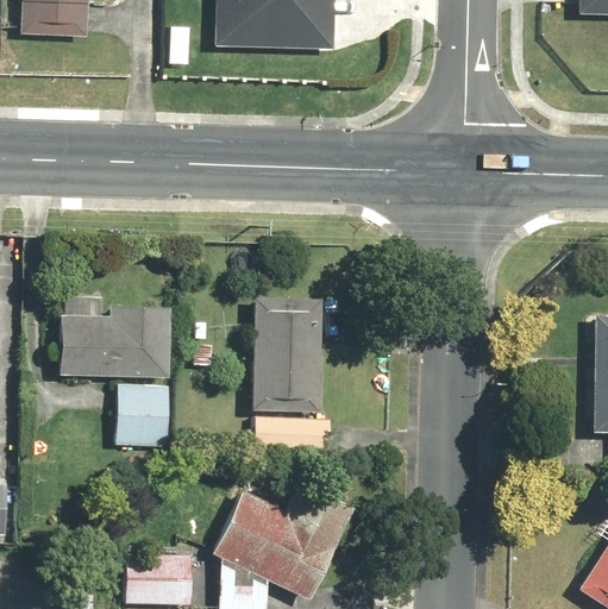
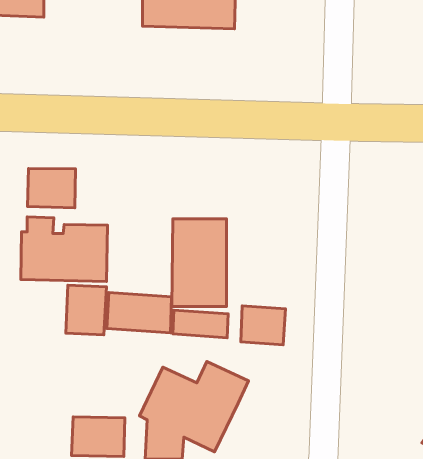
building: none -> [28,168,76,208]
building: none -> [107,293,172,333]
building: none -> [241,306,285,345]

